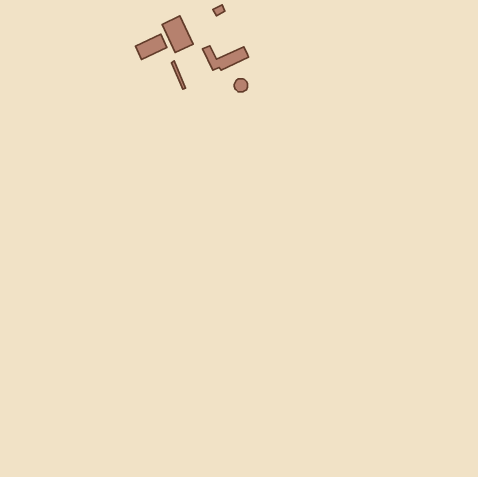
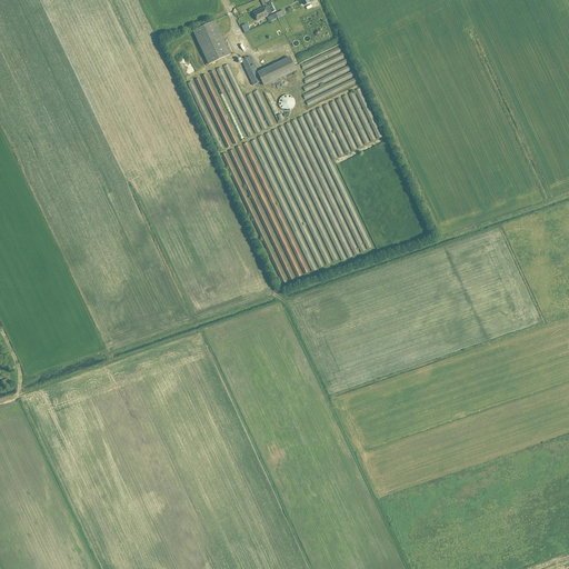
building: [135,34,167,59] -> none

